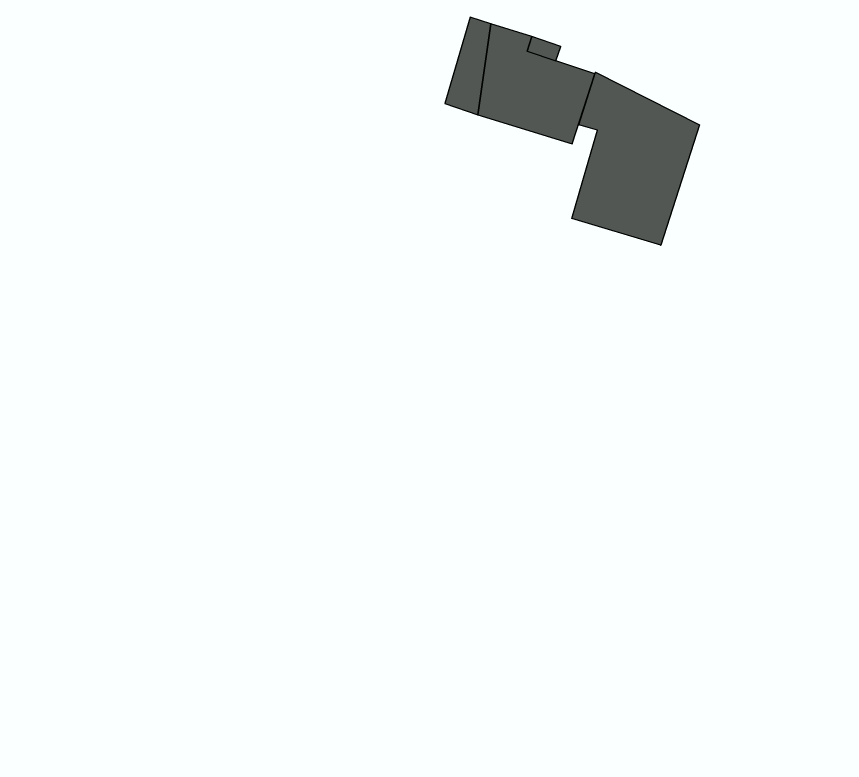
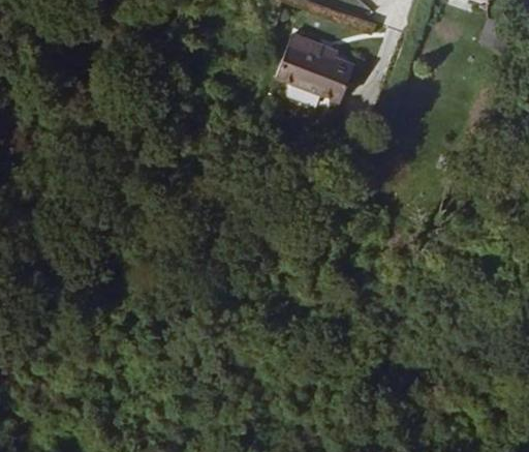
building: [572,72,700,245] -> none

